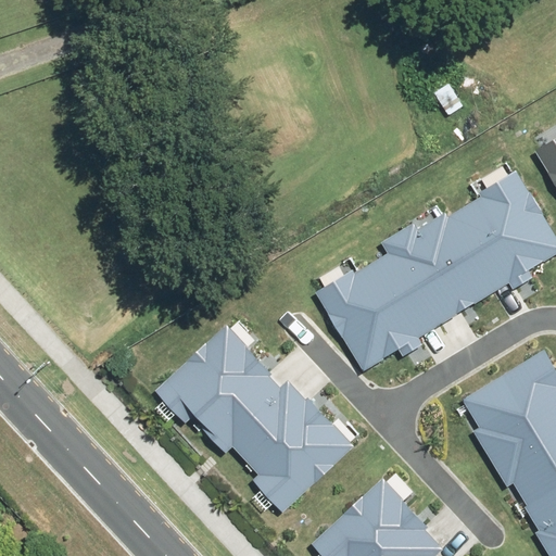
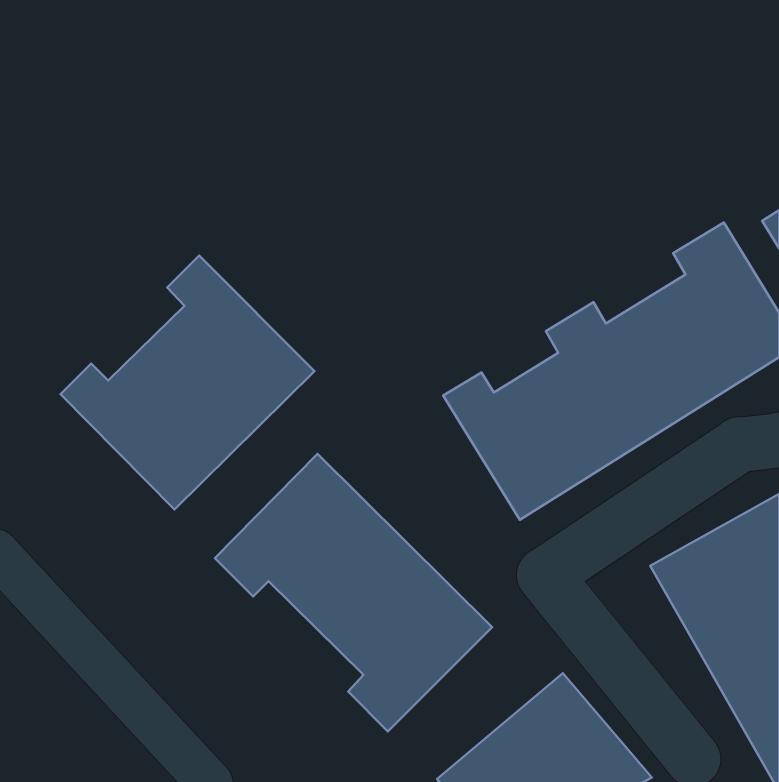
building: none -> [60,256,315,510]

